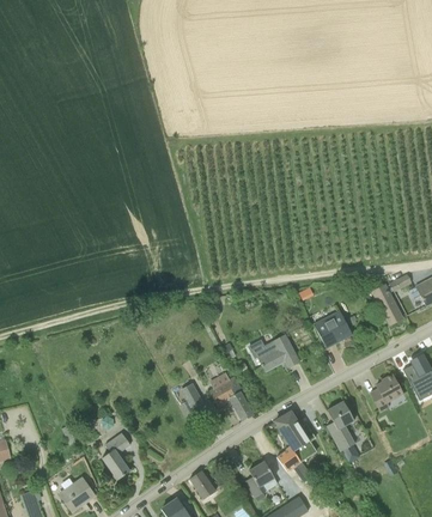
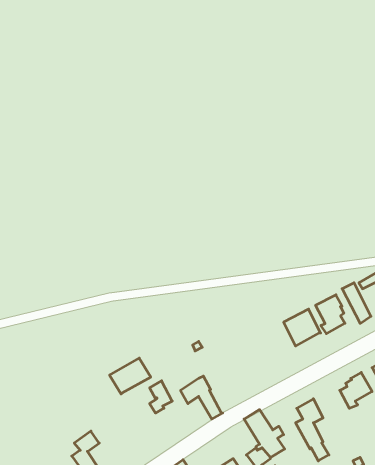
building: none -> [316,295,345,334]
building: [248,335,298,371] -> none
building: none -> [110,358,151,394]

